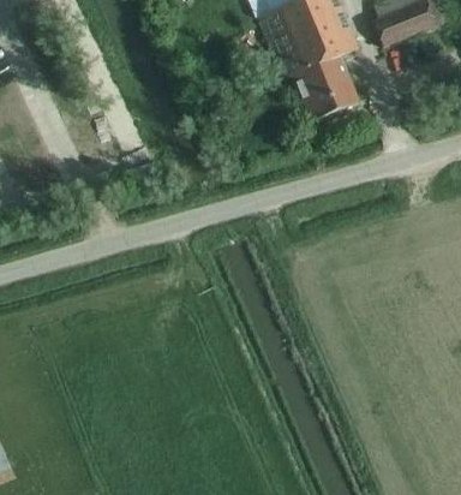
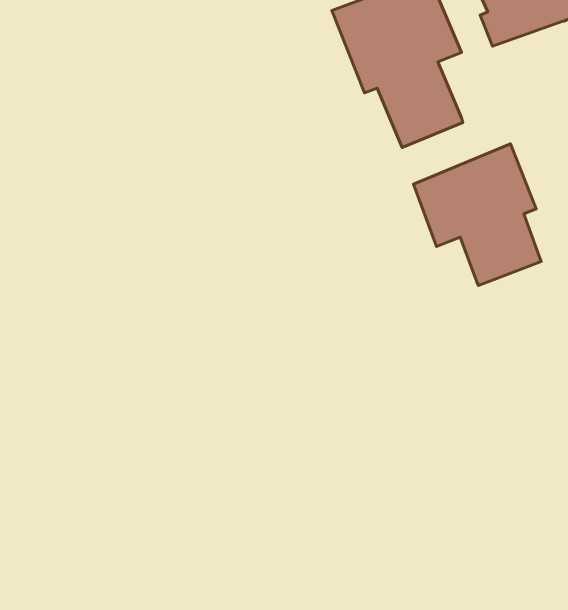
building: none -> [414,144,541,285]

